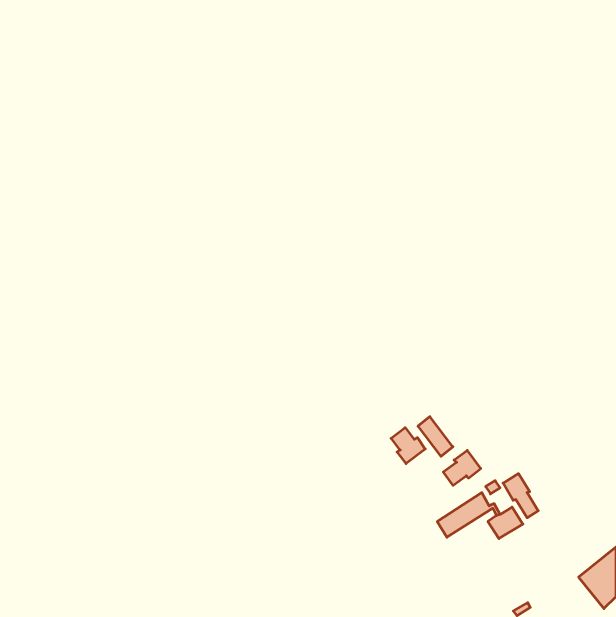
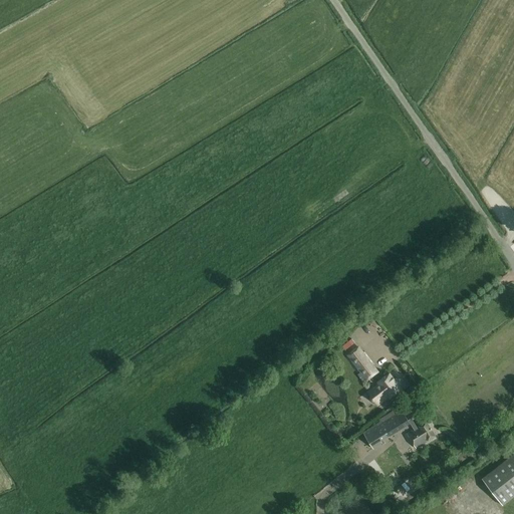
building: [391,428,425,464] -> none
building: [503,474,538,518] -> none

